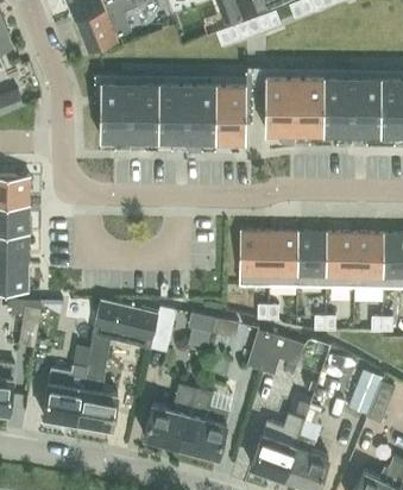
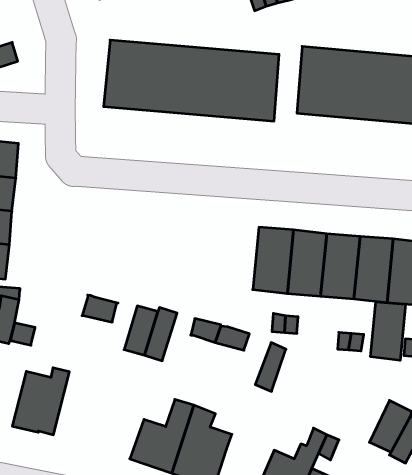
building: none -> [371,302,406,360]
building: [77,326,117,428] -> none
building: [260,334,303,376] -> none

